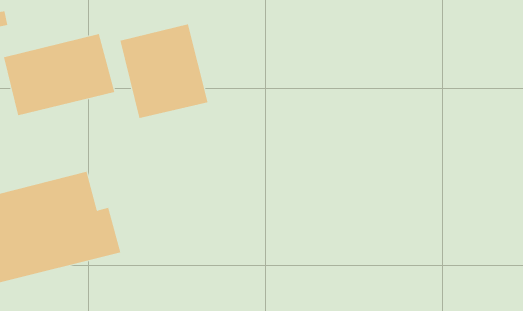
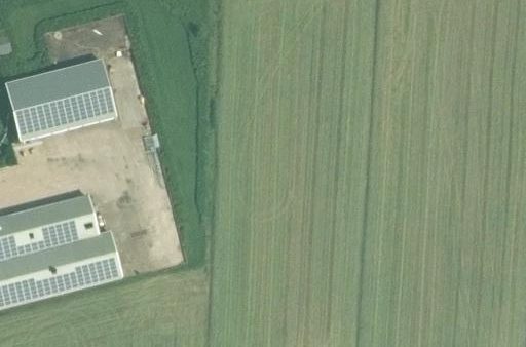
building: [120,23,208,119] -> none

